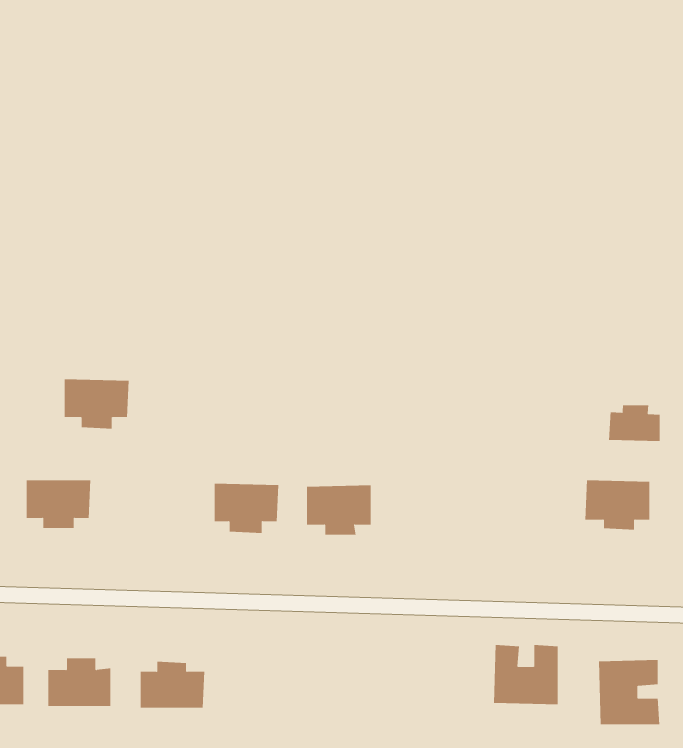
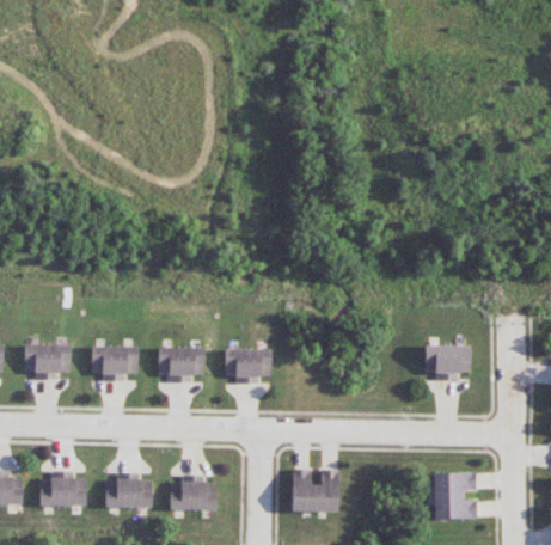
building: [64,379,129,429] -> [92,345,139,381]
building: [609,405,660,442] -> none
building: [493,645,559,705] -> [292,469,338,512]
building: none -> [171,474,216,509]

